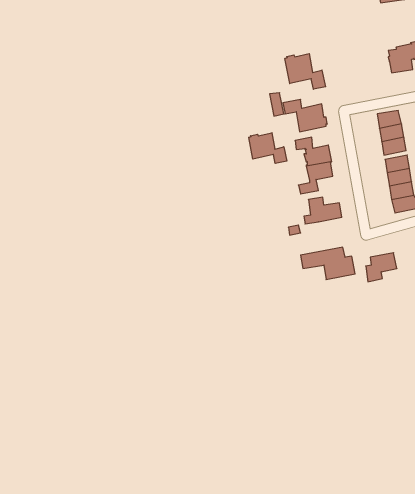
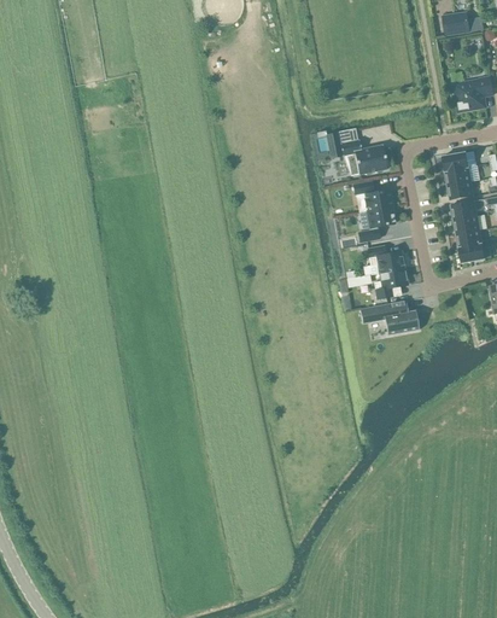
building: [285,54,326,89] -> none
building: [249,133,287,163] -> none
building: [366,253,397,282] -> [373,267,407,298]

